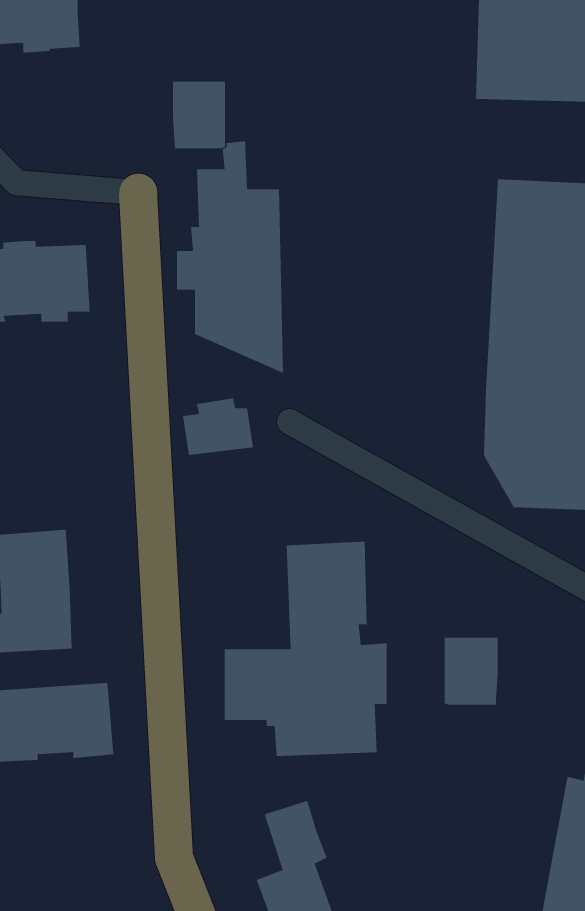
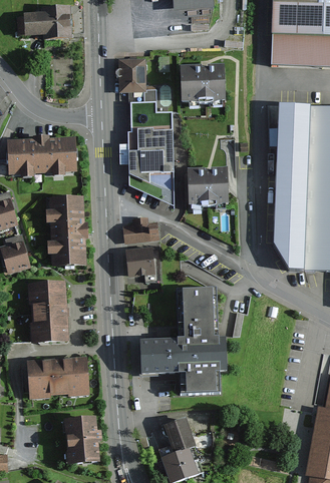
building: none -> [180,65,226,102]
building: none -> [188,167,229,208]
building: none -> [47,194,89,266]
building: none -> [126,247,160,281]
building: [444,637,498,706] -> none
building: none -> [64,418,102,465]

